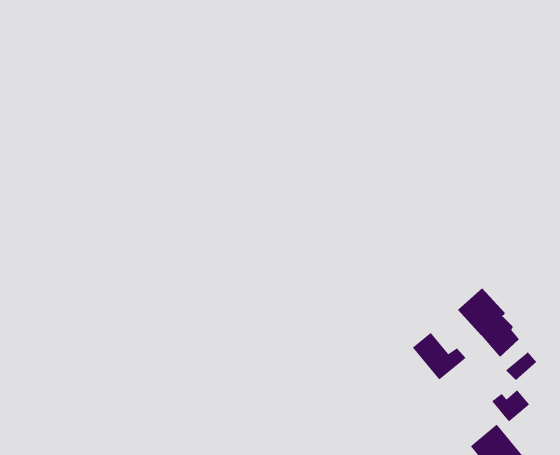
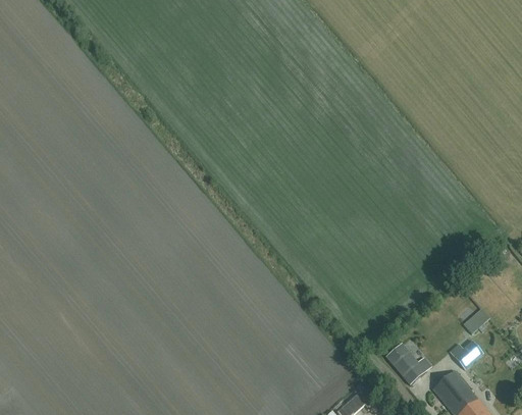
building: [457,287,520,358] -> none
building: [412,332,466,381] -> [384,343,431,384]

